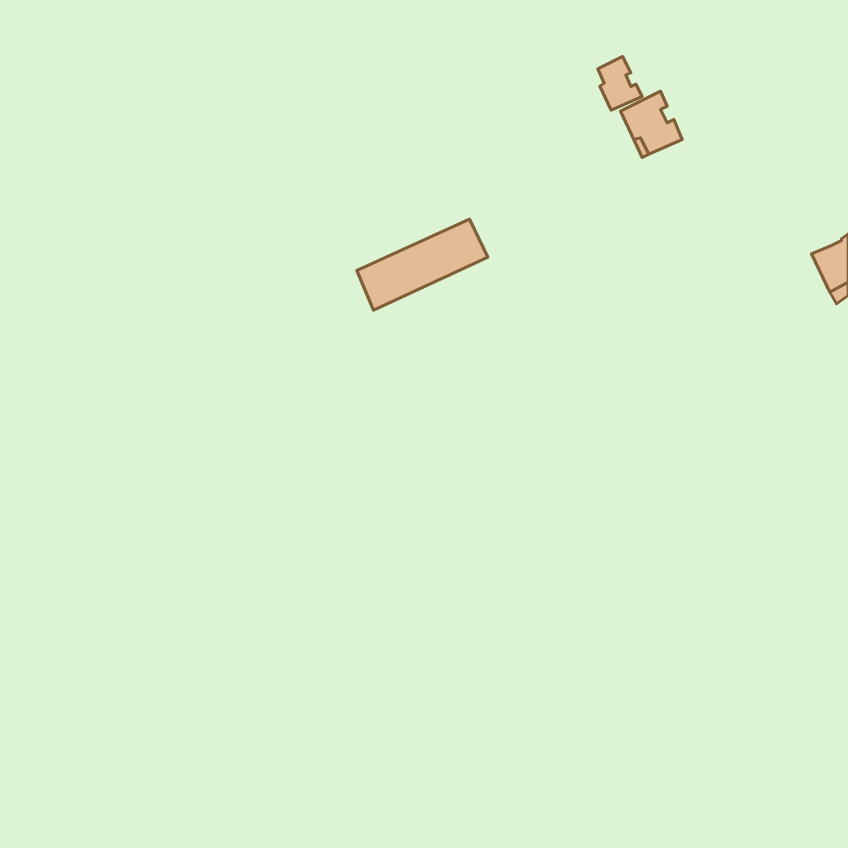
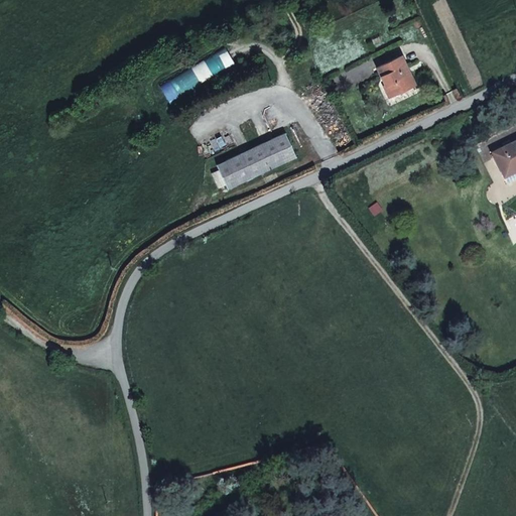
building: [598,57,642,110] -> none

